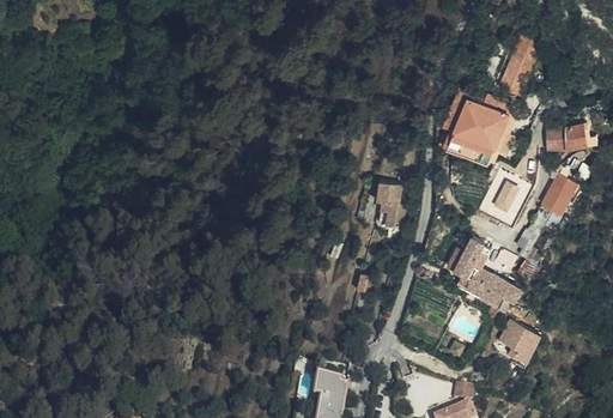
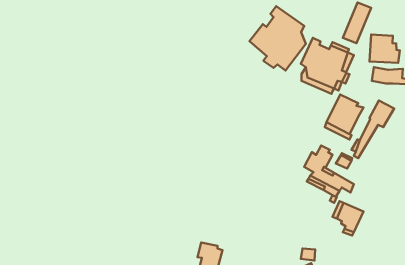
building: none -> [250,6,306,70]
building: none -> [369,35,400,63]
building: [376,180,405,228] -> none

